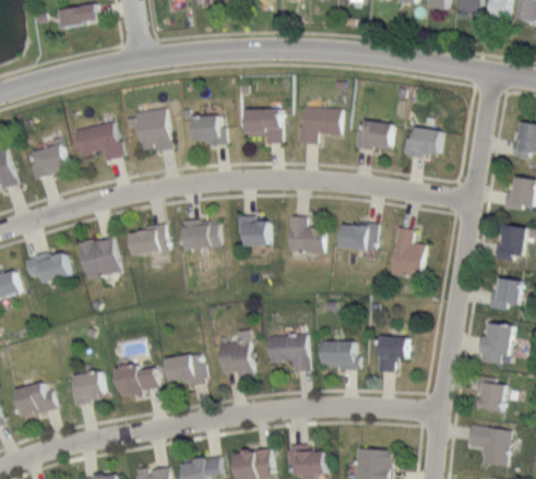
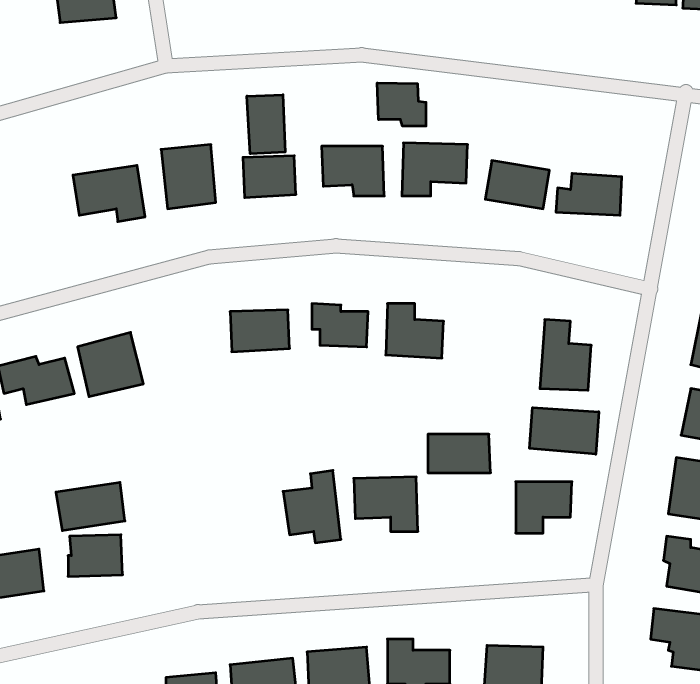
building: none -> [377,83,426,126]
building: none -> [247,95,285,154]
building: [27,137,69,178] -> none
building: [336,223,376,251] -> none
building: [126,225,167,256] -> none
building: none -> [530,408,599,454]
building: [315,342,358,368] -> [428,434,491,473]
building: [162,355,203,385] -> none
building: [114,363,160,396] -> [56,482,125,531]

